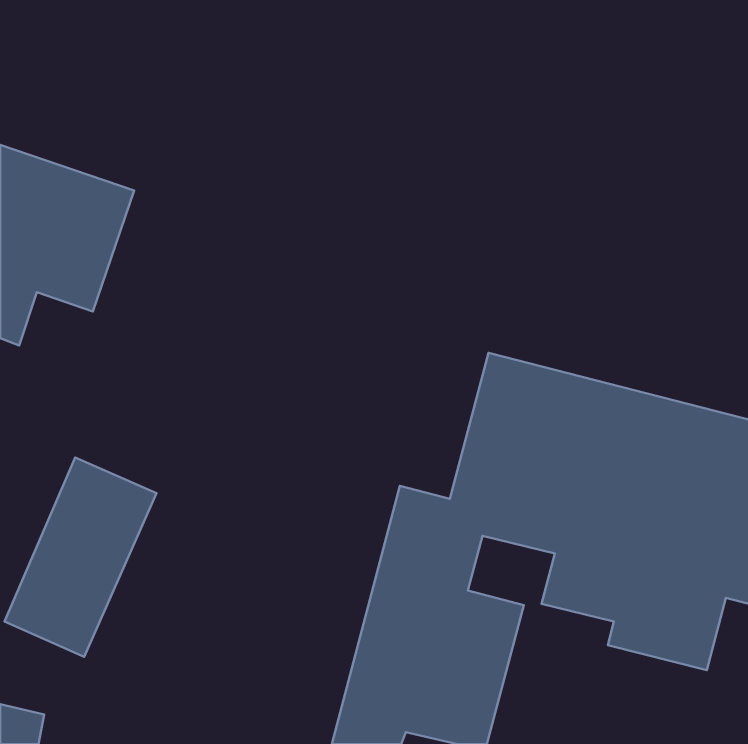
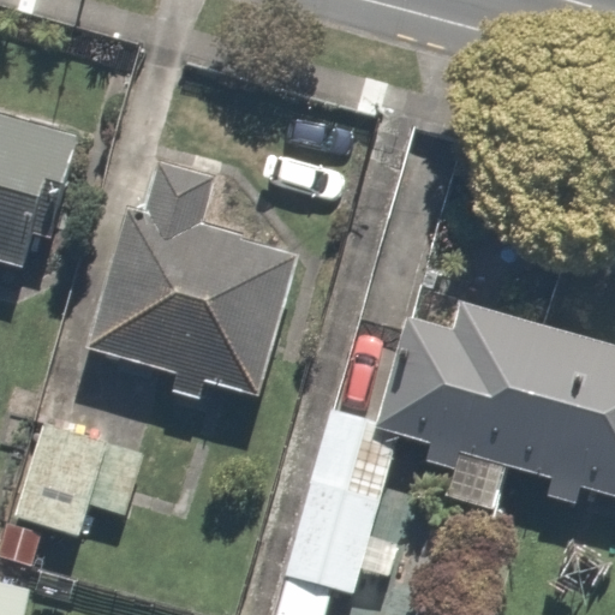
building: none -> [84,171,298,402]

